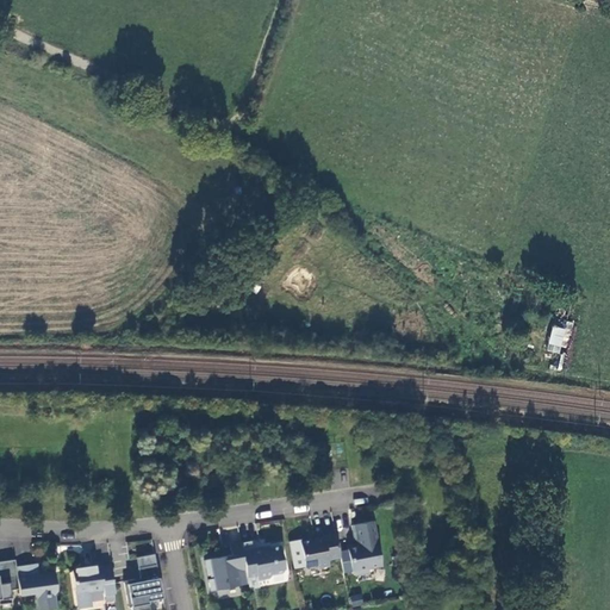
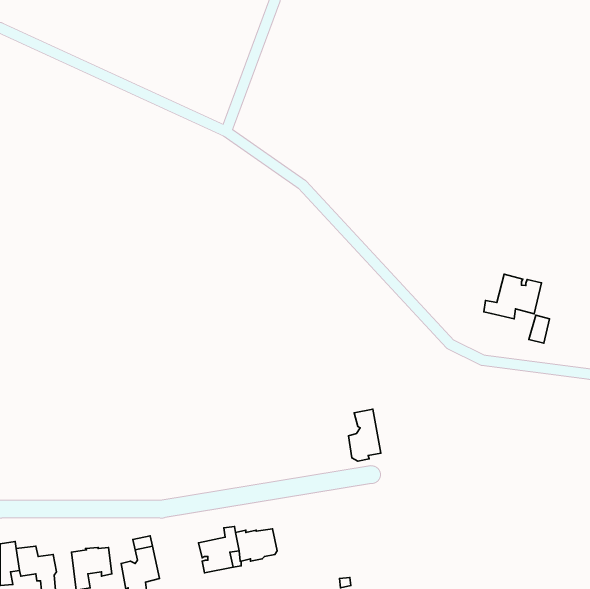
building: none -> [484,274,542,319]
building: [349,522,382,575] -> [349,409,381,461]
building: [301,534,341,569] -> none

